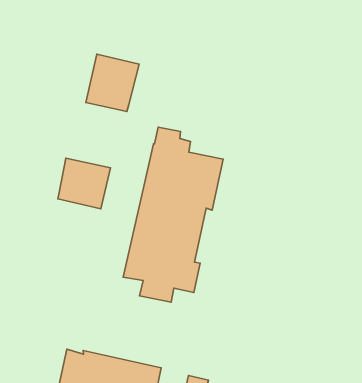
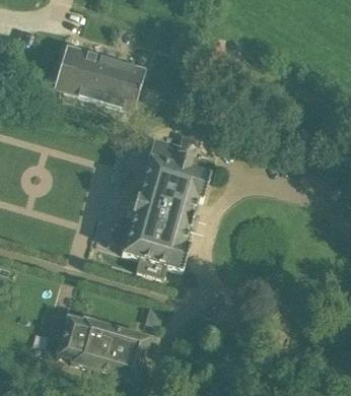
building: none -> [59,48,107,100]
building: [58,158,110,209] -> none

